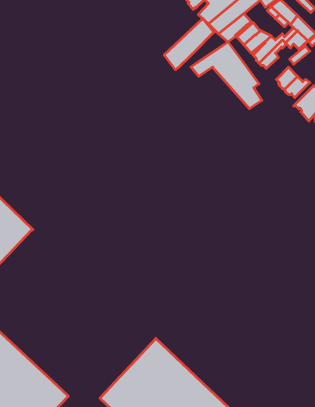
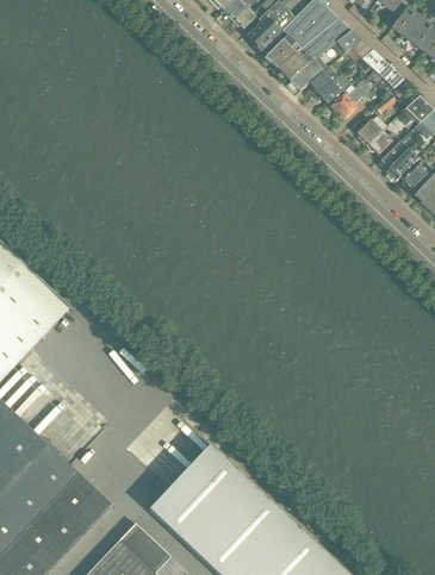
building: [164,18,214,70] -> none
building: [191,42,262,109] -> none

